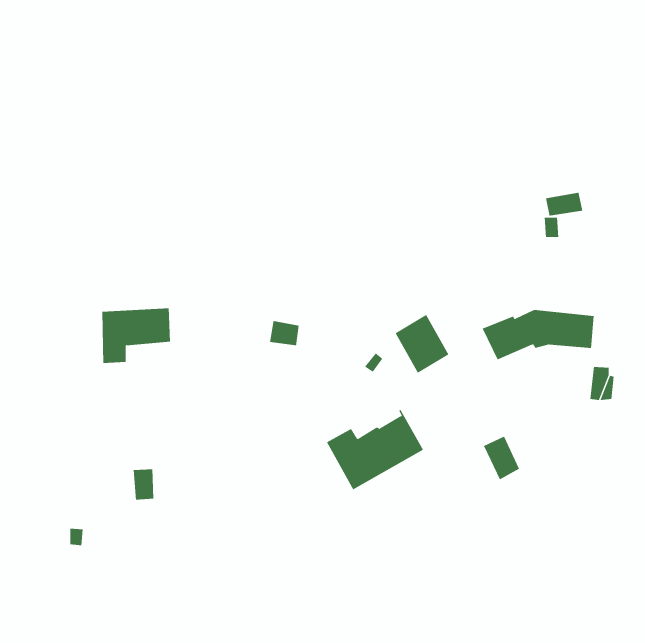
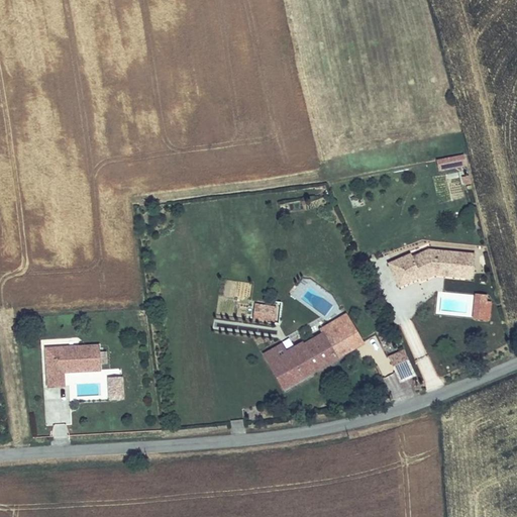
building: [101,308,171,363] -> [44,343,100,388]
building: [395,314,449,374] -> [320,312,364,359]
building: [269,321,299,346] -> [251,302,276,322]

